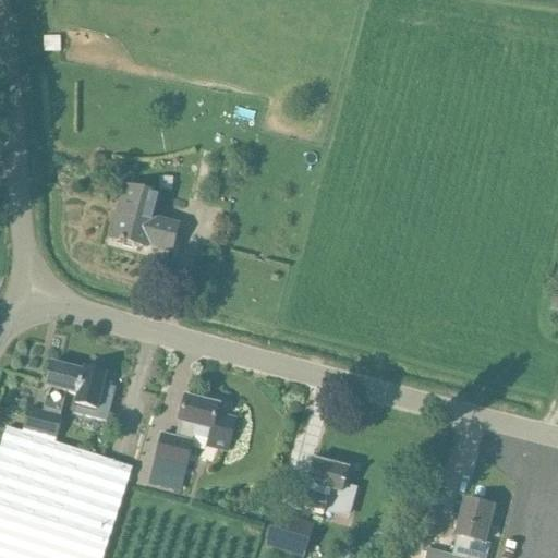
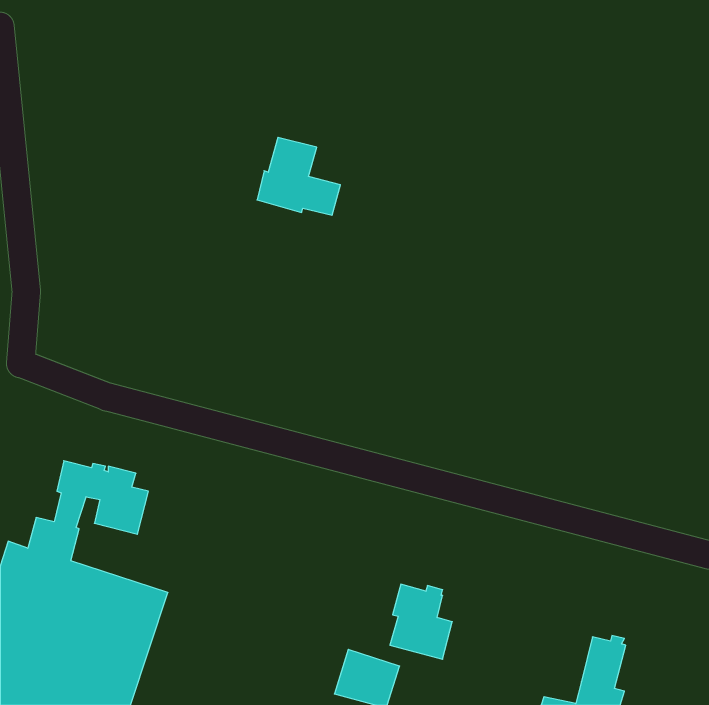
building: [112,187,178,248] -> [257,137,340,215]
building: [148,396,235,490] -> none

